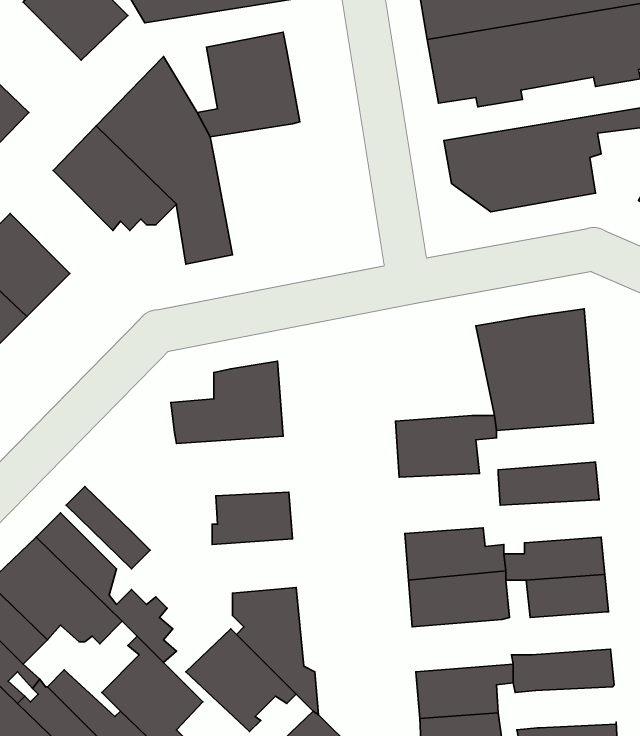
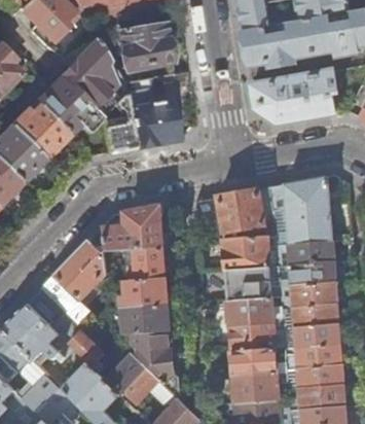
building: none -> [124,71,190,146]
building: none -> [12,100,69,156]
building: none -> [195,187,266,238]
building: none -> [53,238,106,298]
building: none -> [280,239,334,264]
building: none -> [116,246,166,280]
building: none -> [226,267,272,299]
building: none -> [282,281,337,305]
building: none -> [123,303,170,332]
building: none -> [298,343,342,366]
building: none -> [233,347,289,376]
building: none -> [301,383,345,407]

